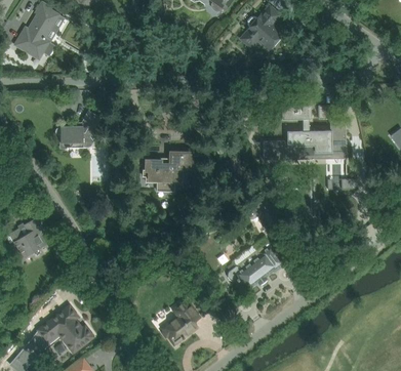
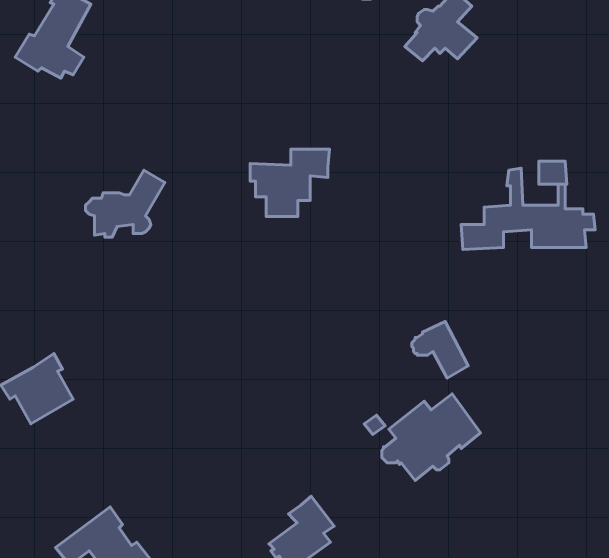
building: [147,153,193,192] -> [250,149,330,216]

